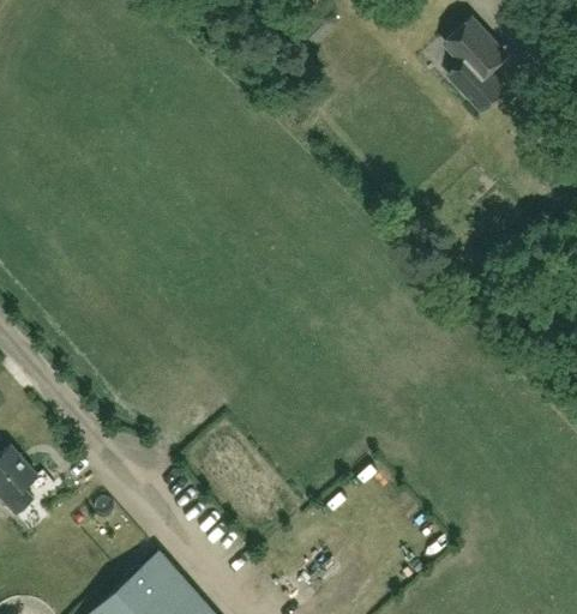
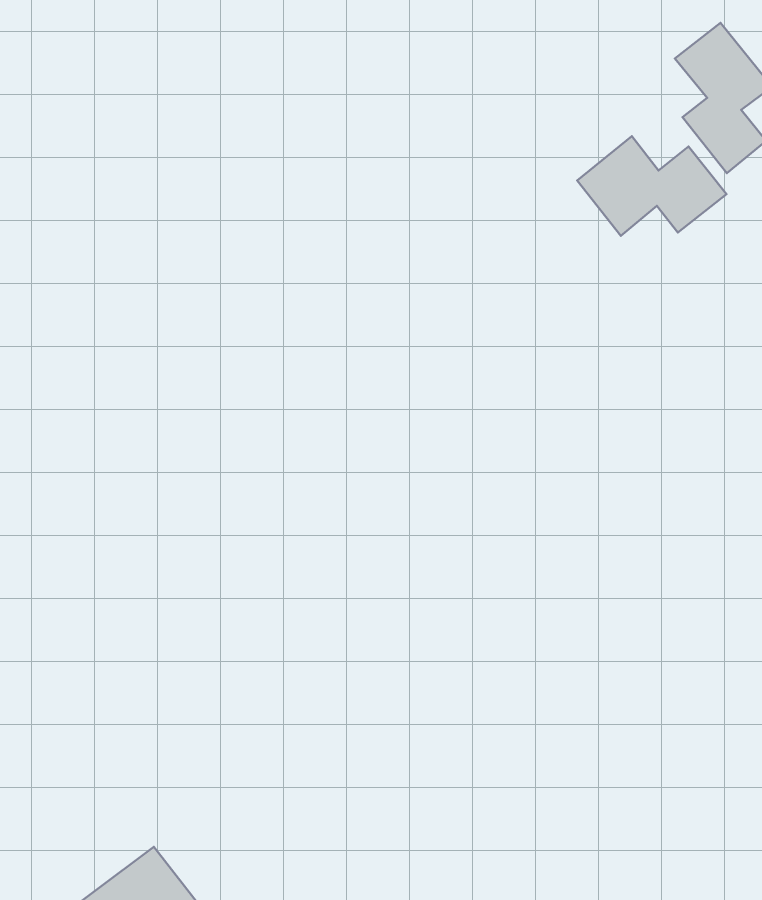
building: none -> [577,136,727,236]

